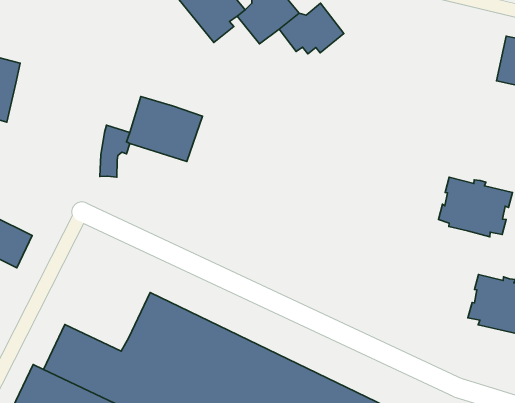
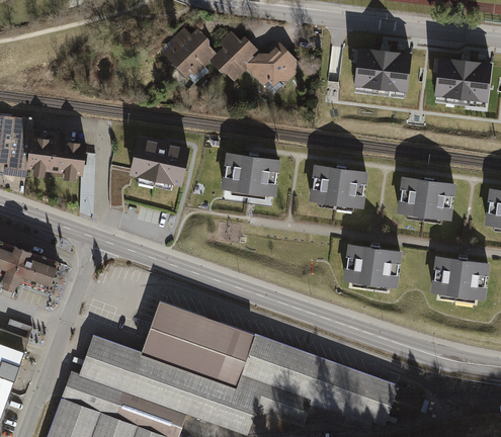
building: none -> [351,43,410,88]
building: none -> [25,137,85,176]
building: none -> [220,153,280,199]
building: none -> [308,164,368,211]
building: none -> [342,244,402,290]

